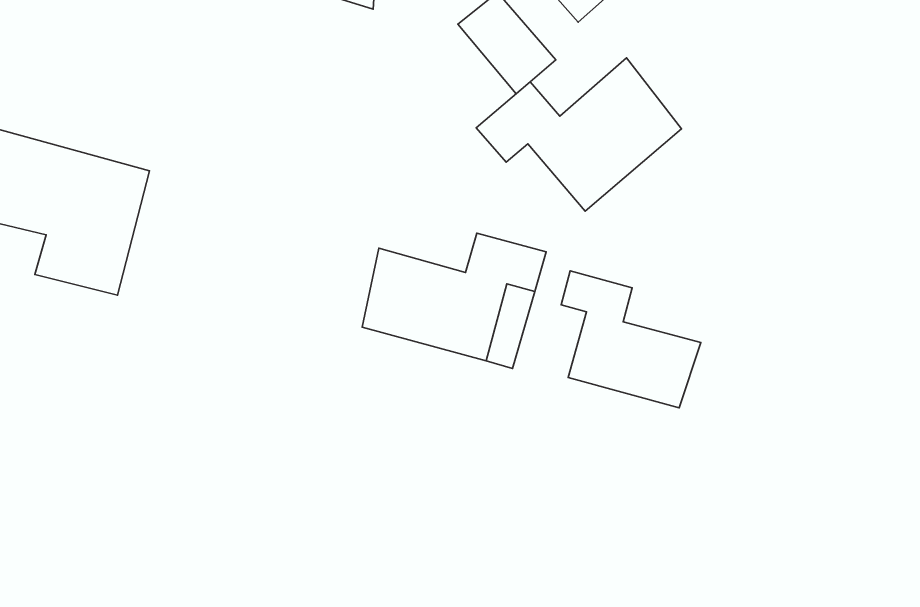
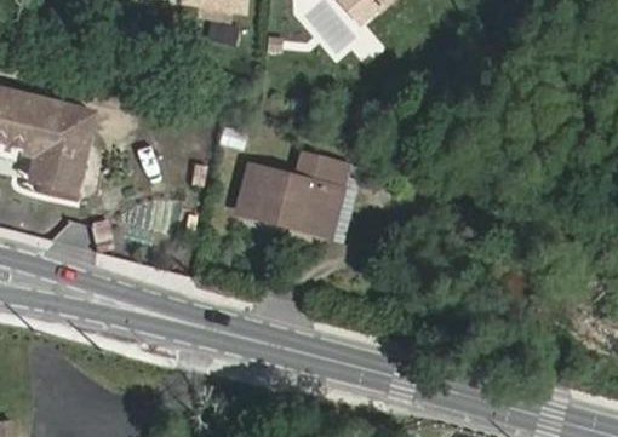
building: [476,58,681,211] -> none
building: [561,271,701,408] -> none

